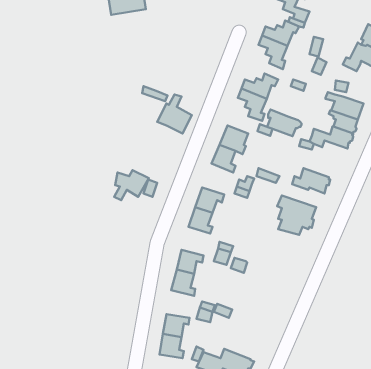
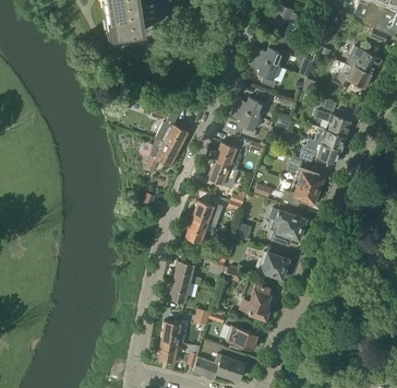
building: [267,110,302,136] -> [294,166,327,191]
building: [114,170,149,200] -> [147,142,180,171]
building: none -> [256,251,289,279]
building: none -> [241,280,273,319]
building: none -> [227,326,257,350]

